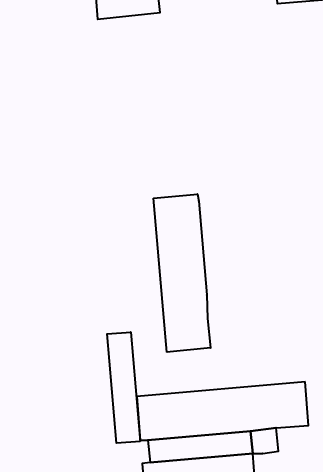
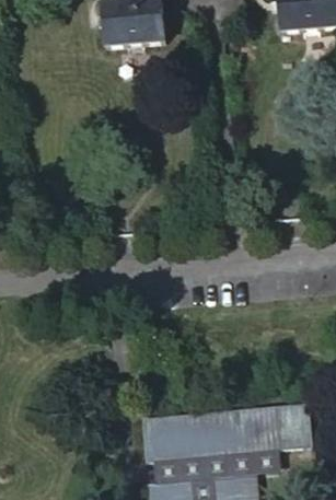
building: [154,194,211,352] -> none
building: [107,332,140,443] -> none

